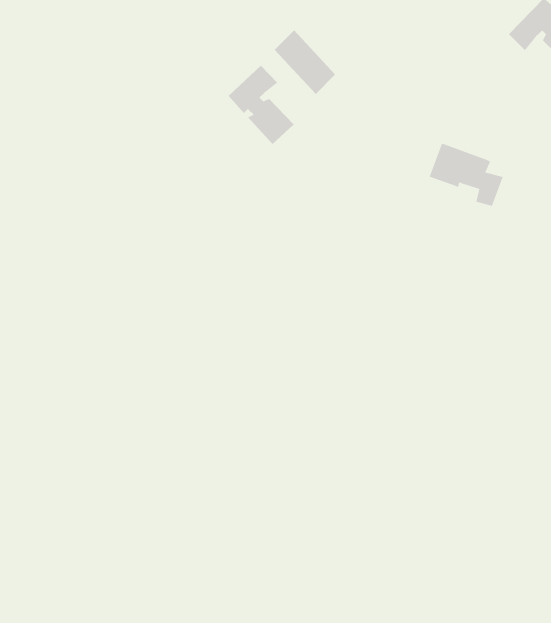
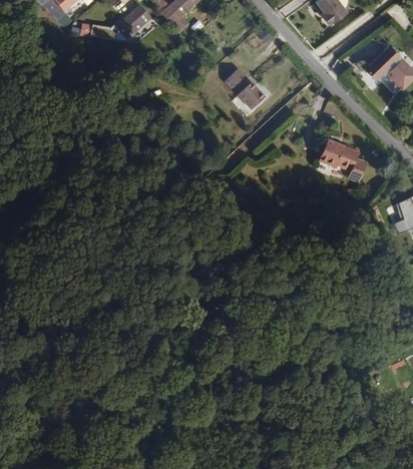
building: [228,65,295,145] -> none

